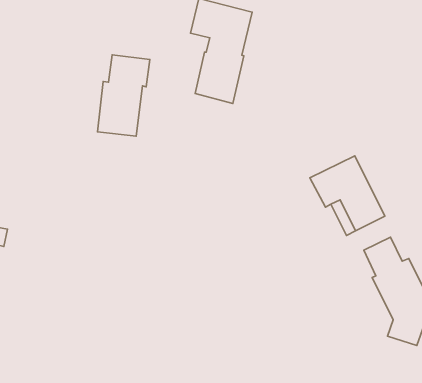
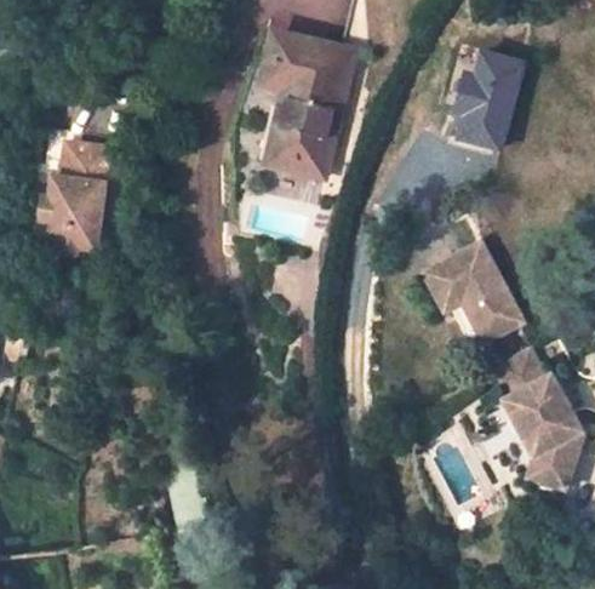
building: none -> [445,46,524,153]
building: [98,55,150,136] -> [48,142,118,250]

